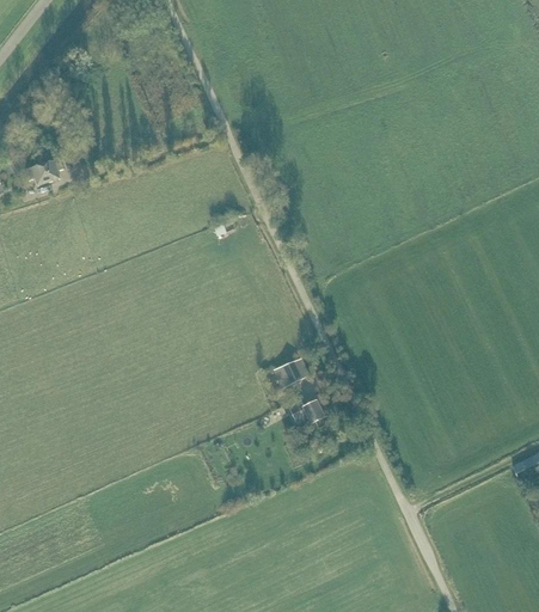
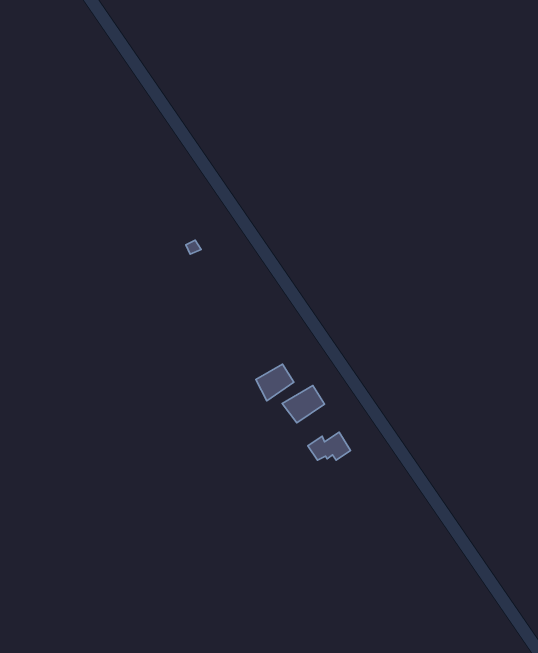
building: none -> [256,364,294,401]

